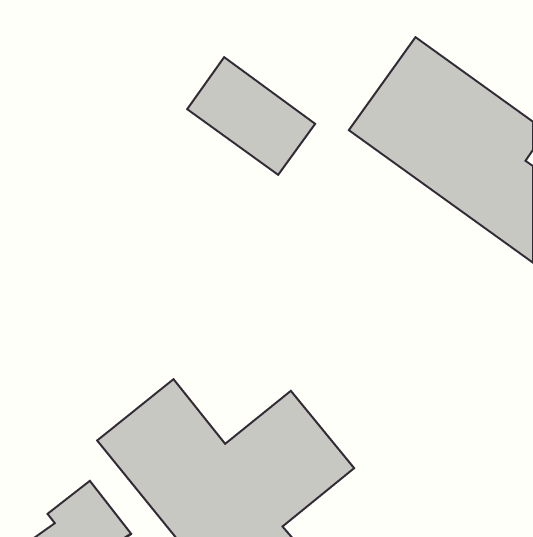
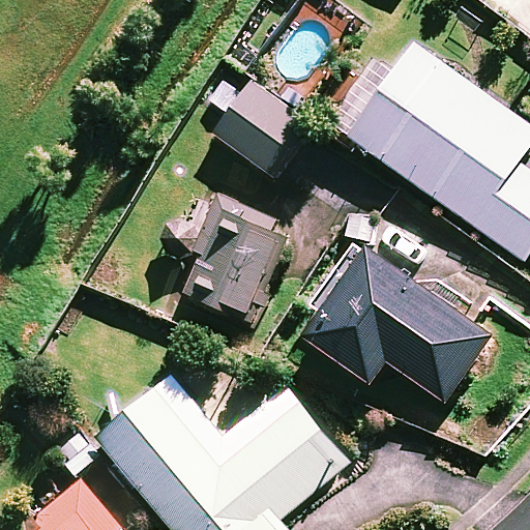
building: none -> [185,220,276,318]
building: none -> [299,238,492,398]

